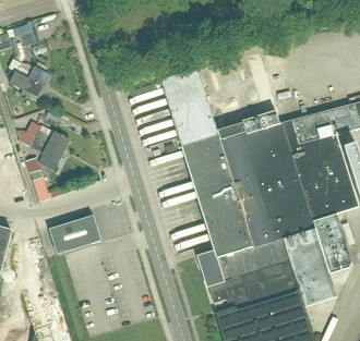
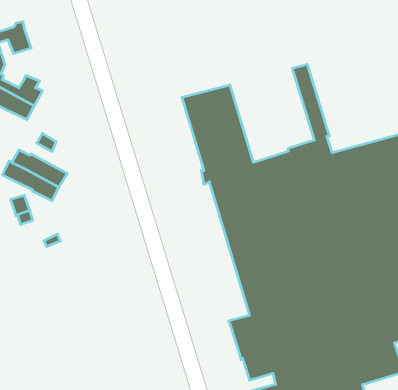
building: [48,215,100,254] -> none

